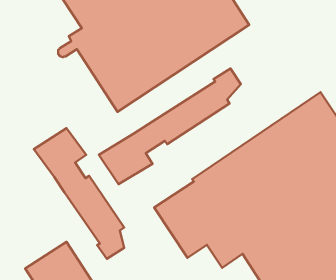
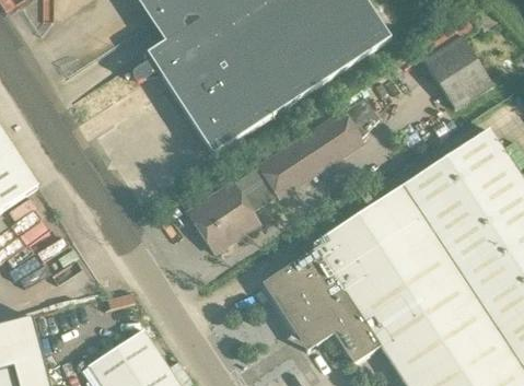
building: none -> [422,33,493,107]
building: [34,128,124,259] -> none

